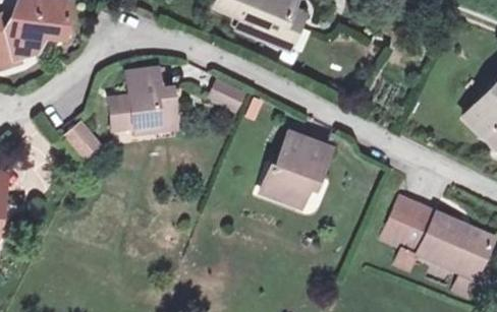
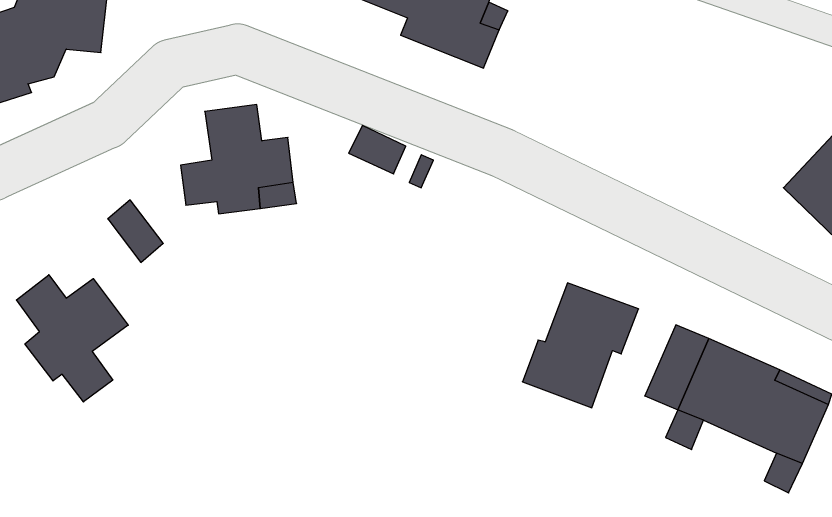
building: [262,132,330,205] -> [522,283,639,408]
building: none -> [16,275,128,402]

